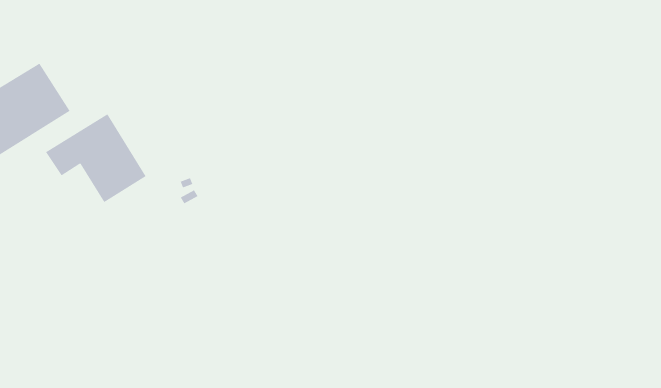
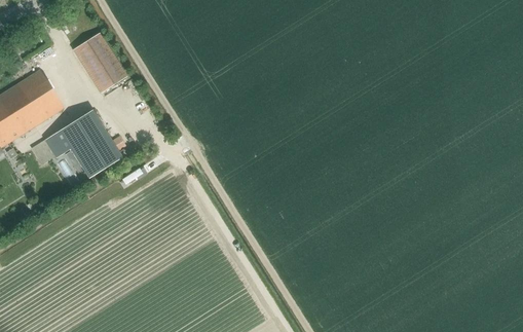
building: none -> [72,33,126,94]

